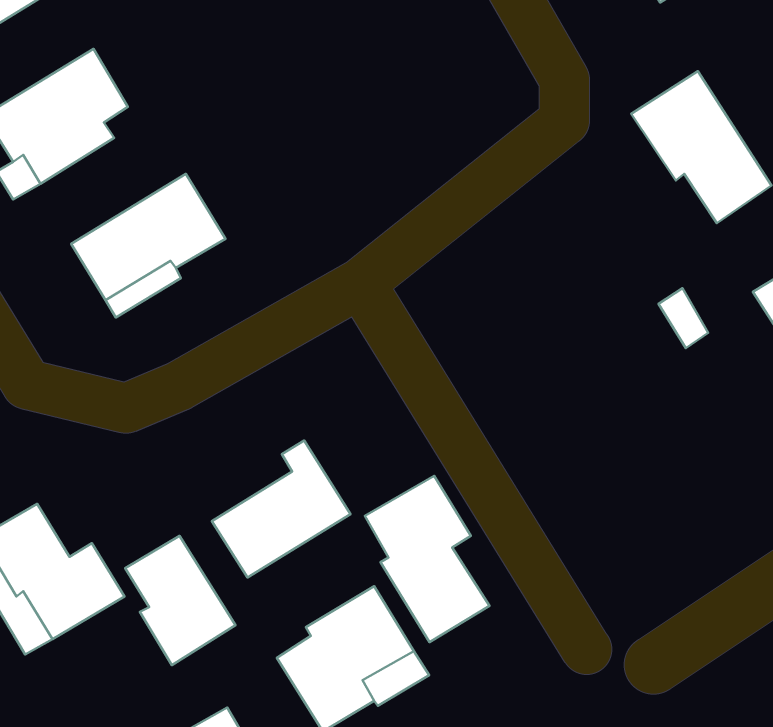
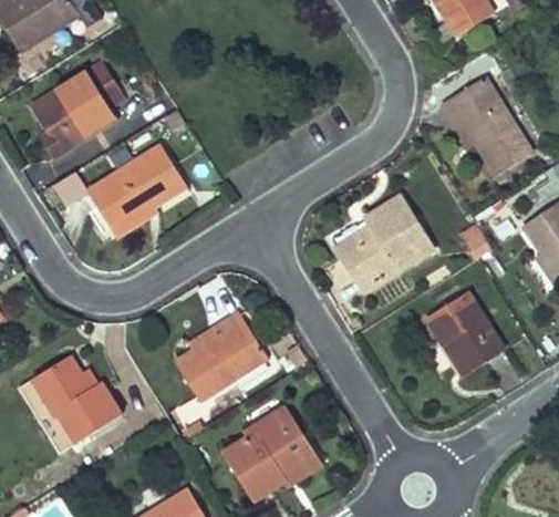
building: none -> [334,193,437,288]
building: none -> [429,292,507,374]
building: [365,476,489,642] -> none
building: [125,536,236,665] -> none

